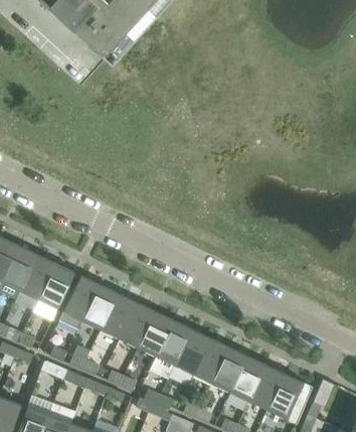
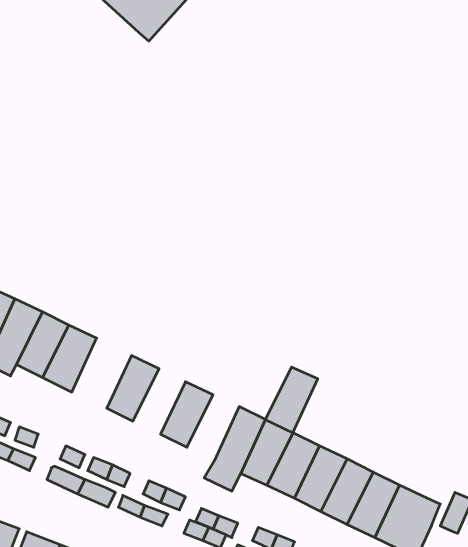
building: [58,275,99,328] -> none
building: [100,293,136,338] -> none
building: [137,311,173,356] -> [265,367,318,433]

